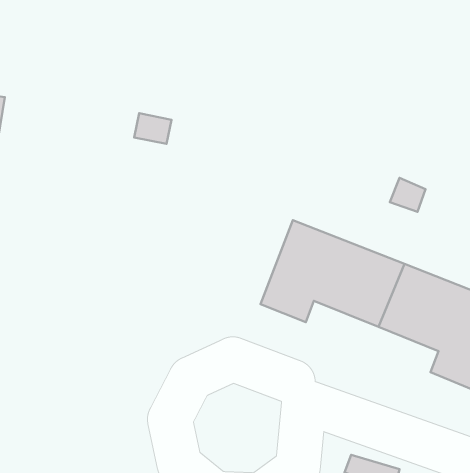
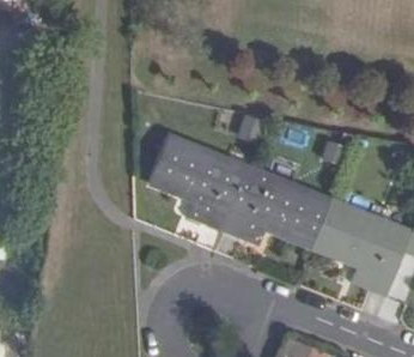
building: none -> [150,135,250,230]

